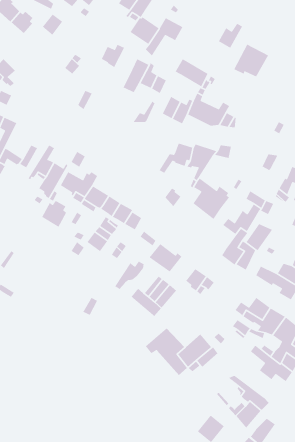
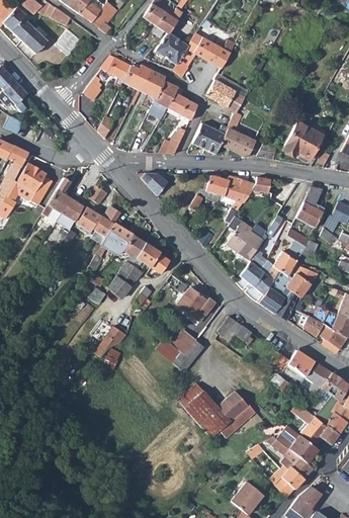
building: [218,23,243,49] -> [207,38,236,68]
building: none -> [100,54,130,85]
building: [233,44,269,78] -> [282,120,323,159]
building: none -> [139,67,166,98]
building: none -> [18,162,47,192]
building: none -> [137,171,168,194]
building: none -> [296,201,325,229]
building: [41,200,67,228] -> none
building: none -> [240,249,275,293]
building: [114,260,145,290] -> [95,323,129,356]
building: none -> [277,425,318,461]

